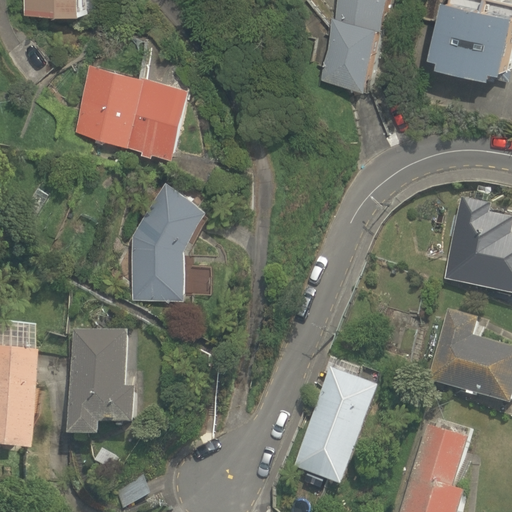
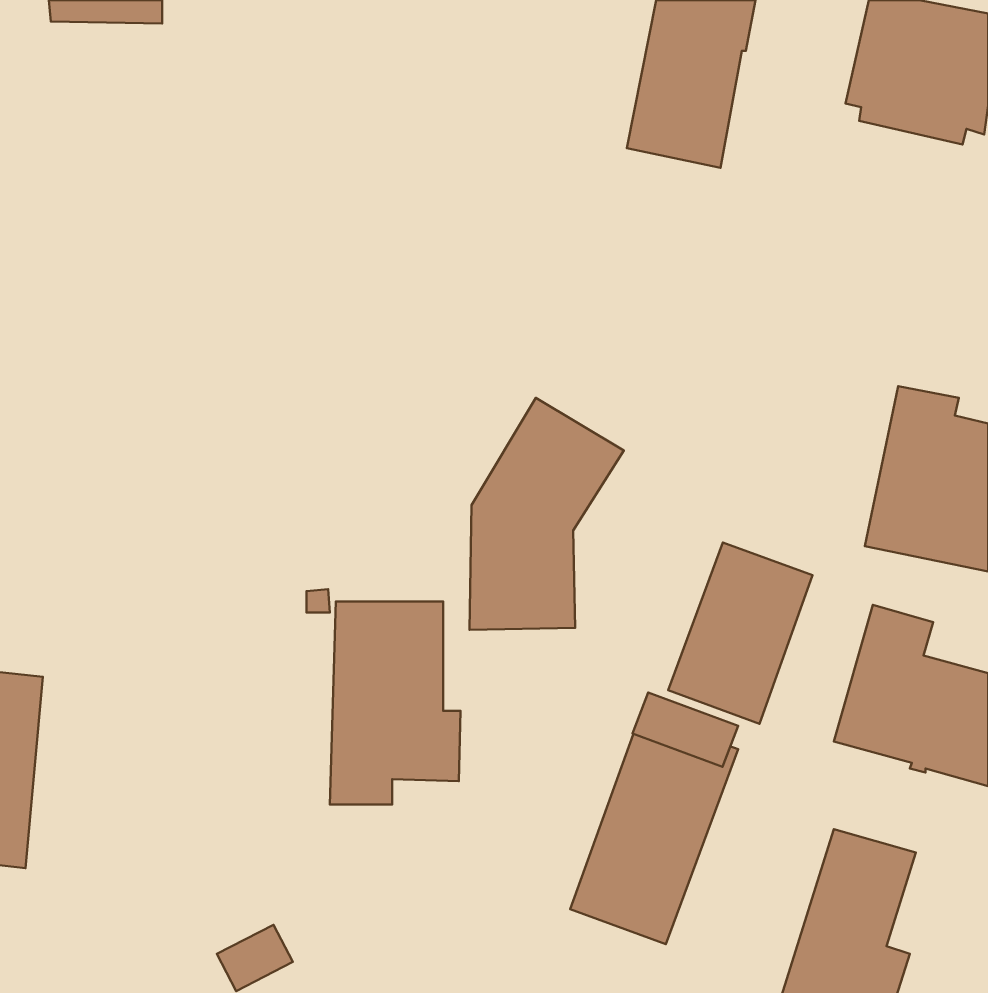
building: [73,65,190,157] -> none
building: [131,181,210,300] -> [470,398,624,630]
building: none -> [668,543,813,724]
building: [69,331,136,435] -> [330,602,461,804]

